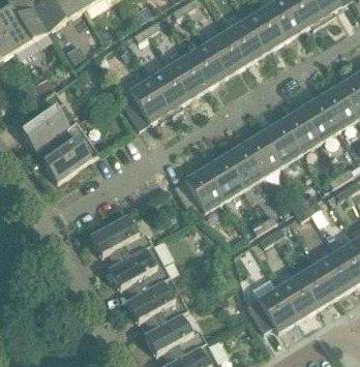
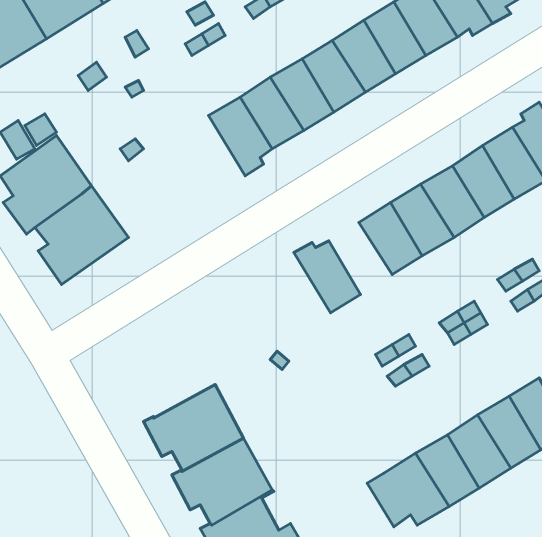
building: [122,78,171,129] -> none
building: [222,144,262,188] -> none
building: [173,162,223,212] -> none
building: [89,214,152,265] -> none

